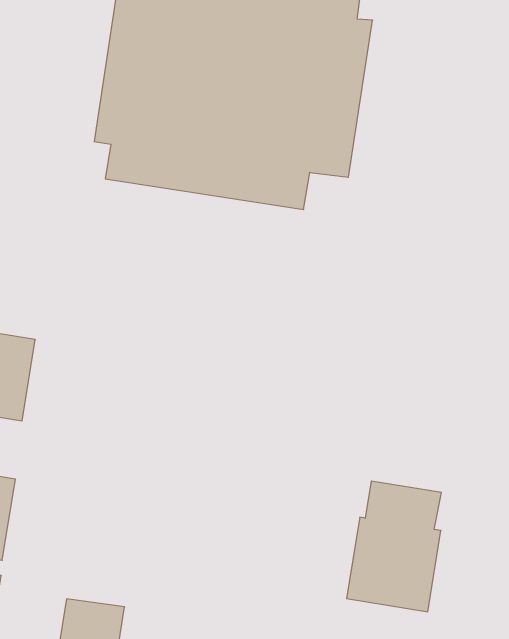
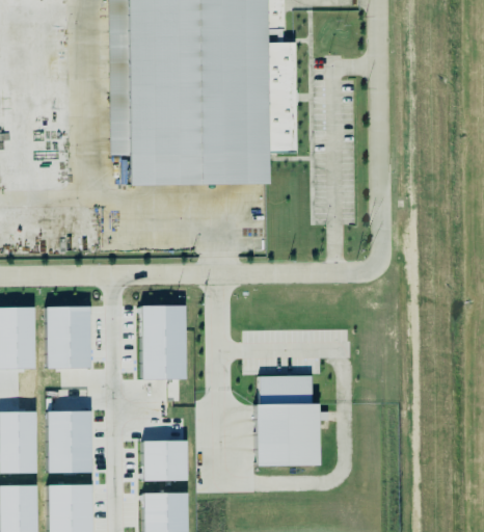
building: none -> [141,304,187,378]
building: [347,481,441,612] -> [257,376,318,466]
building: none -> [143,441,187,481]

